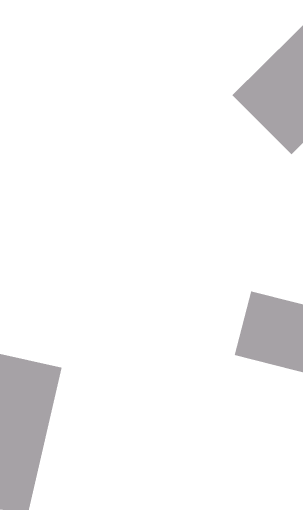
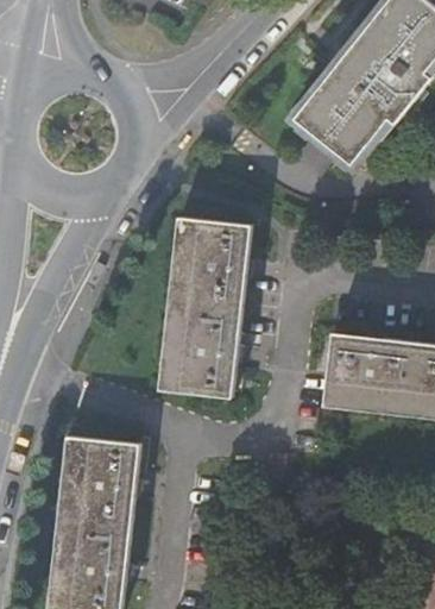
building: none -> [160,220,251,400]

